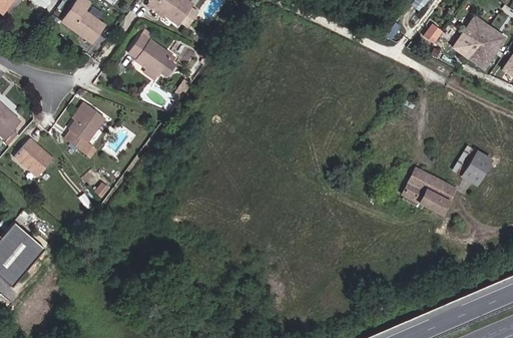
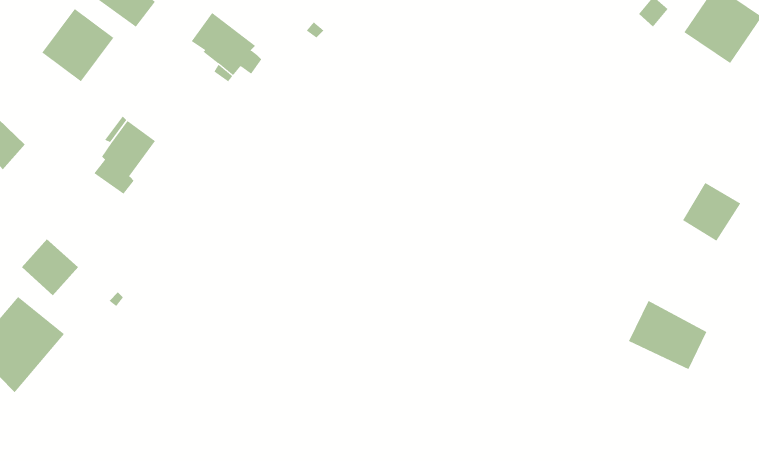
building: none -> [42,8,114,82]
building: [15,138,53,177] -> [21,238,79,296]
building: [403,166,455,213] -> [628,300,707,370]

